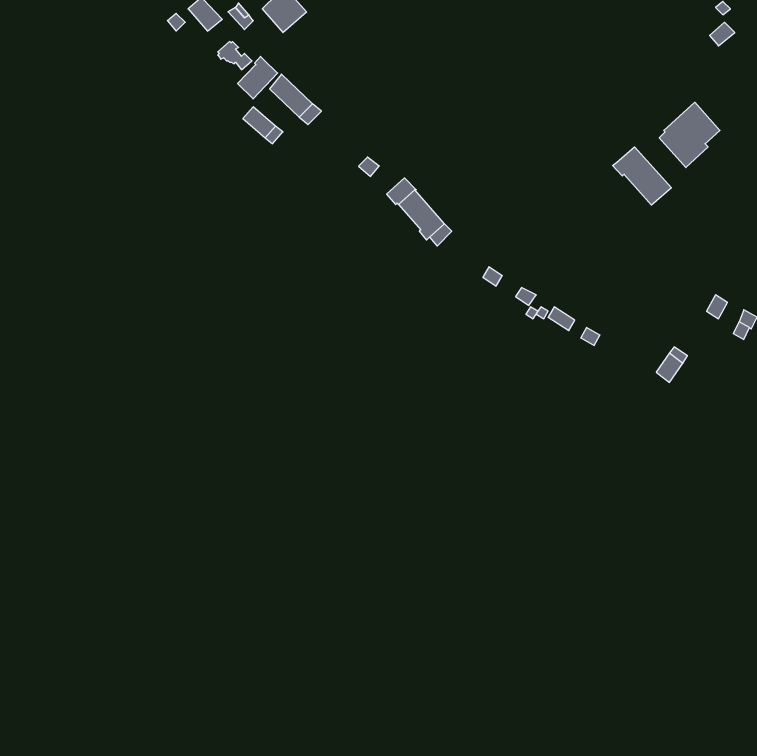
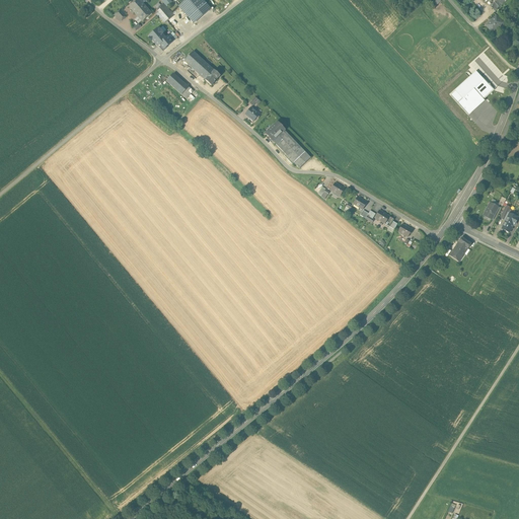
building: [238,56,278,99] -> none
building: [613,147,671,205] -> none

